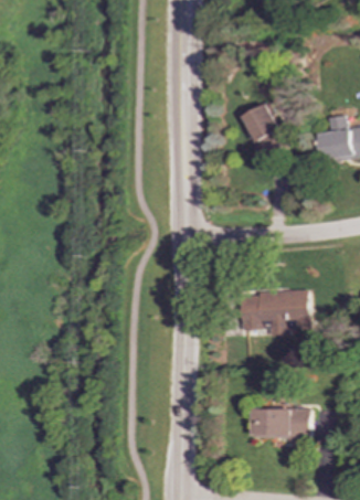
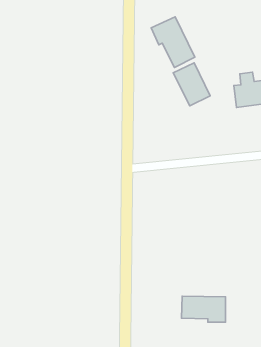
building: none -> [151,17,195,68]
building: [240,290,307,334] -> none

